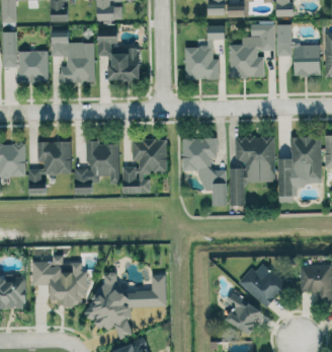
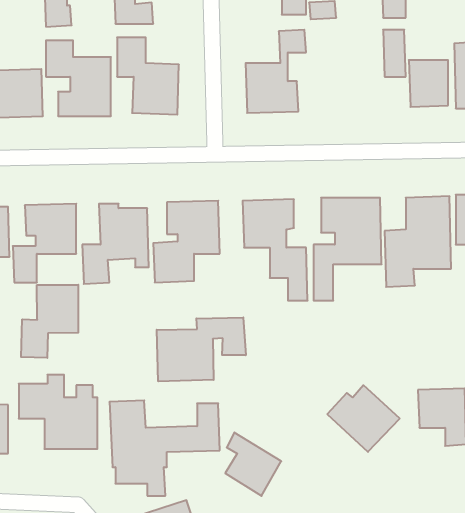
building: [229,23,275,78] -> none
building: none -> [21,285,78,358]
building: none -> [157,317,246,381]
building: [226,292,263,335] -> [225,432,281,496]

